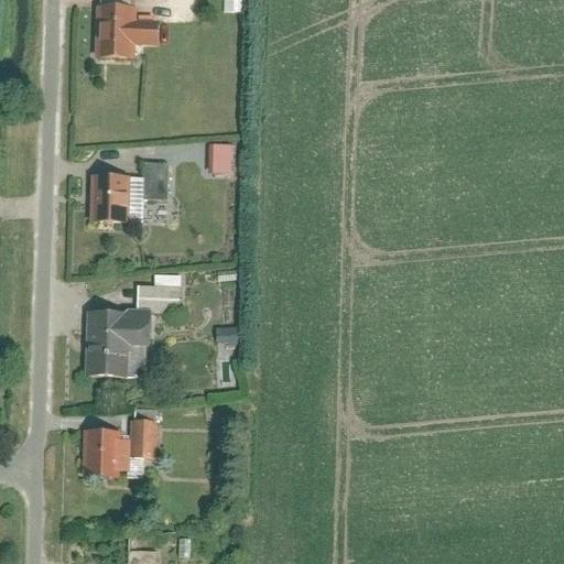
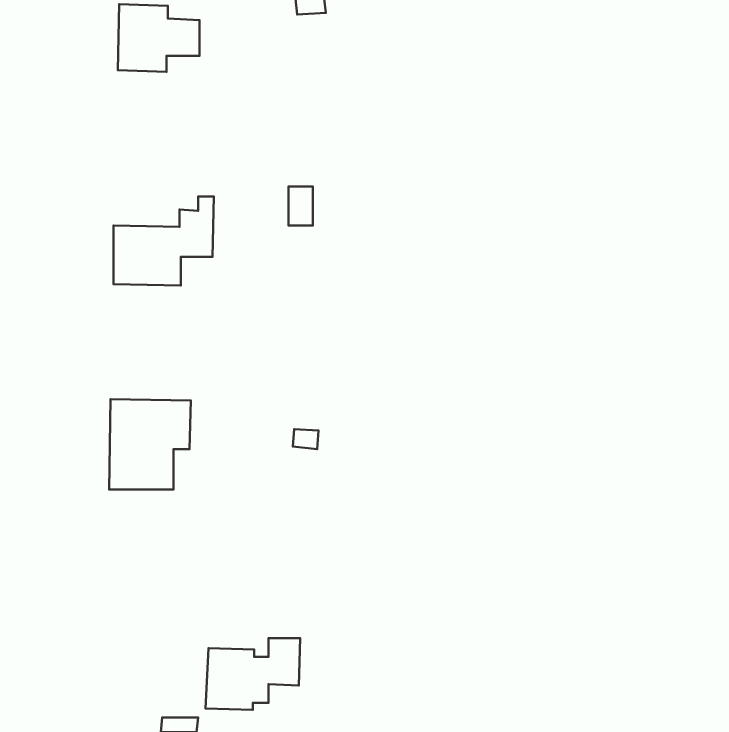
building: [137,284,181,305] -> none
building: [83,421,155,476] -> [205,638,300,710]

